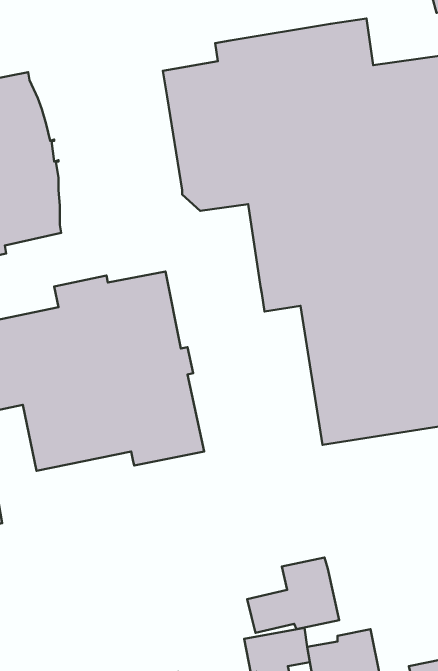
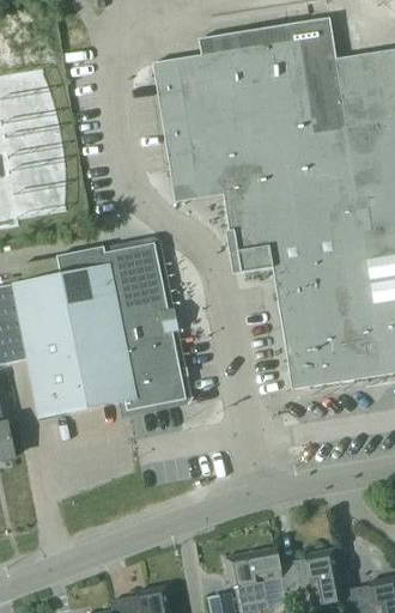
building: [247,558,339,633] -> none

